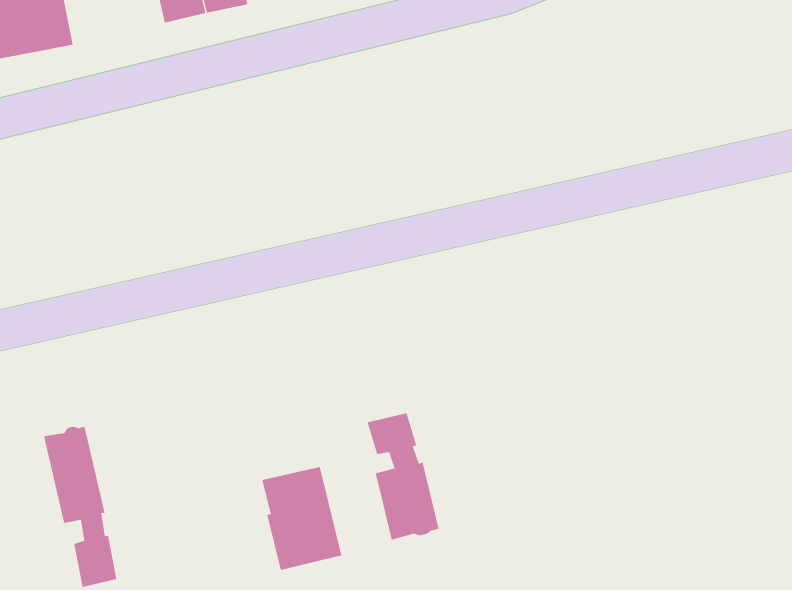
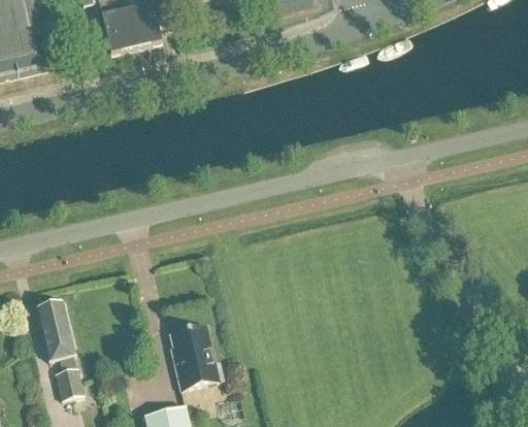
building: [367,412,439,541] -> none

